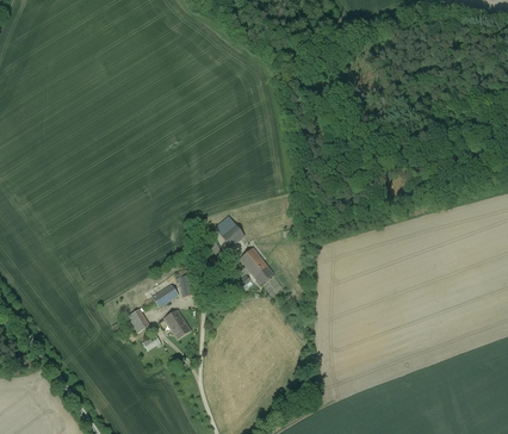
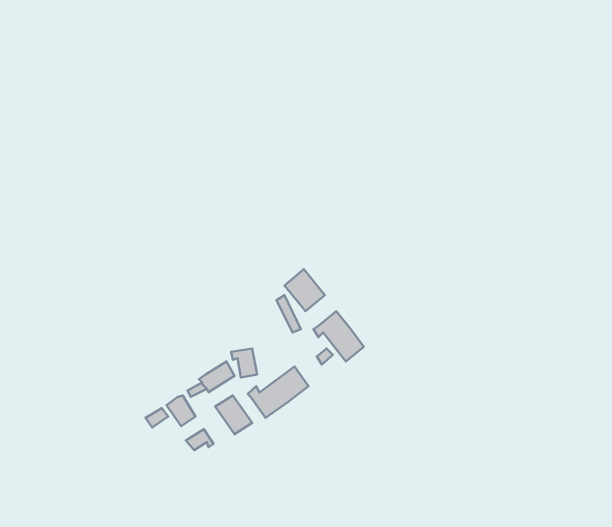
building: none -> [248,367,308,418]

